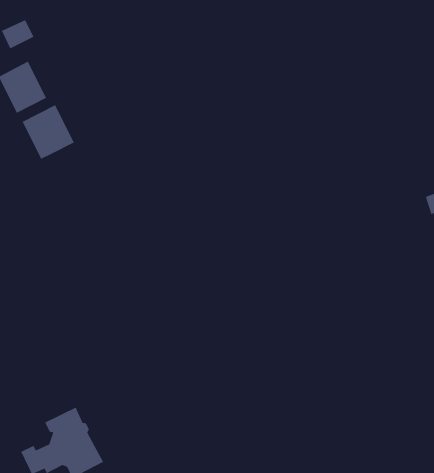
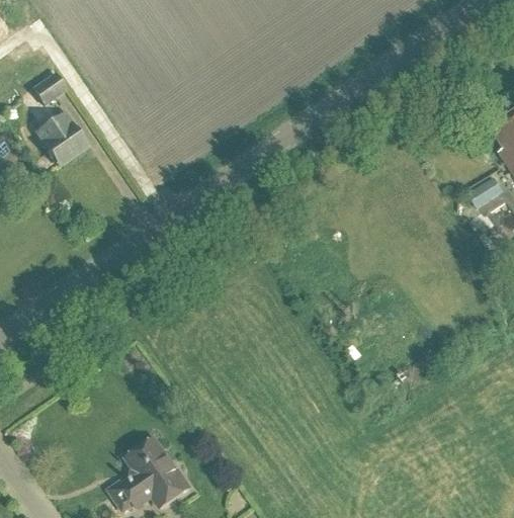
building: [21,104,75,160] -> none

